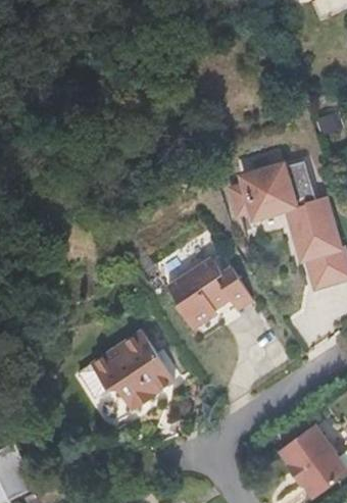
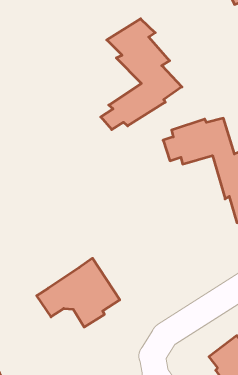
building: none -> [101,19,182,130]
building: [168,258,254,330] -> none

